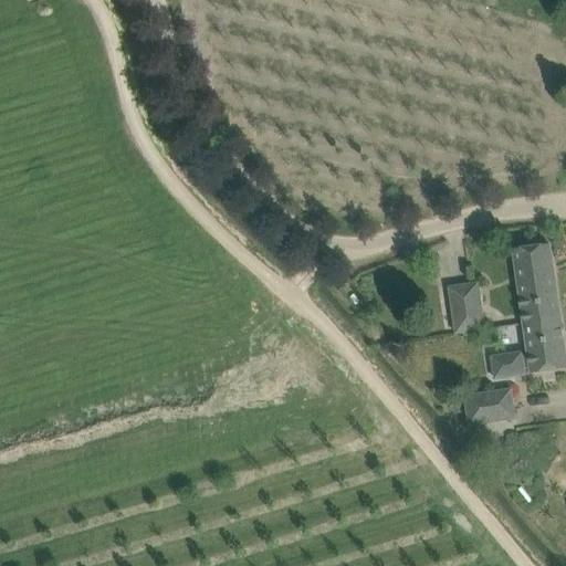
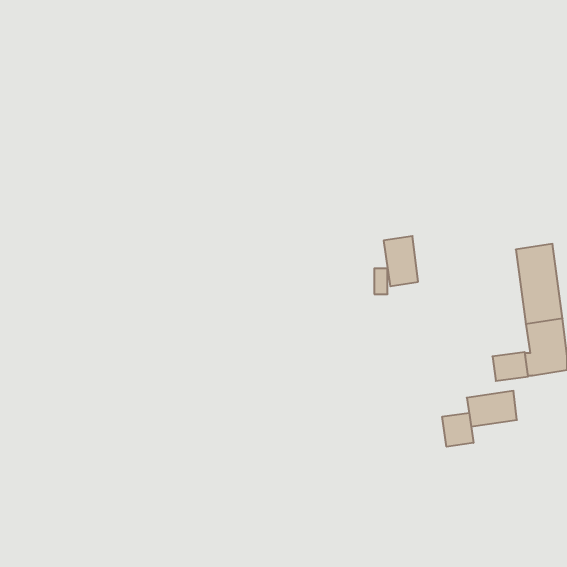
building: [448,282,482,332] -> [384,236,418,286]
building: none -> [442,413,473,447]

